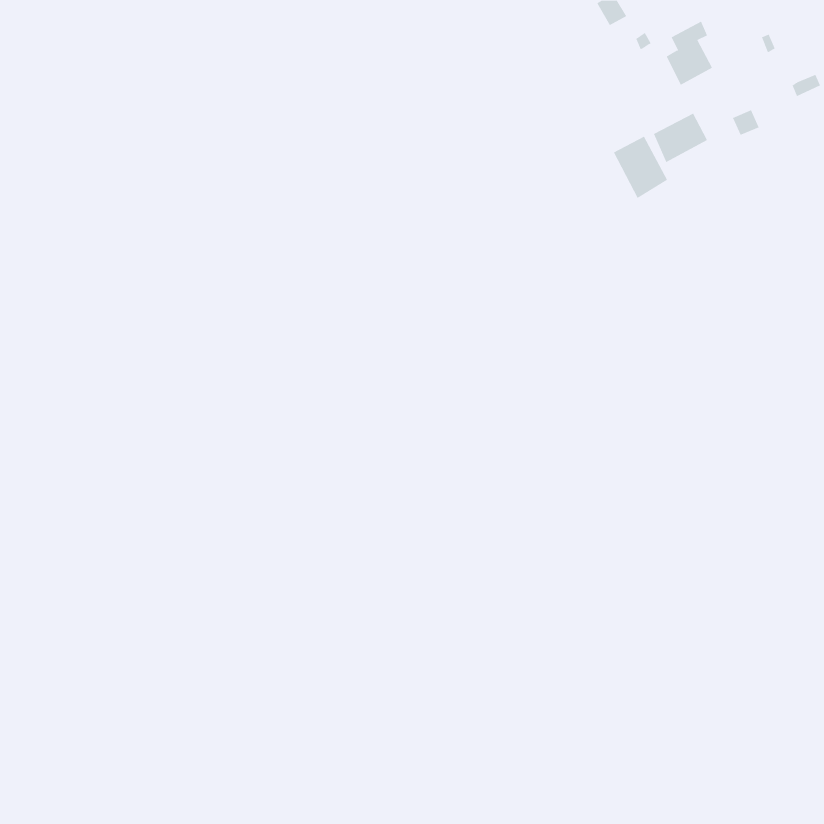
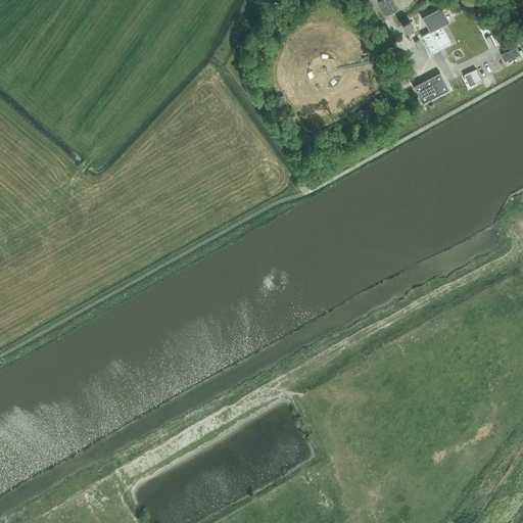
building: [613,136,668,199] -> none

